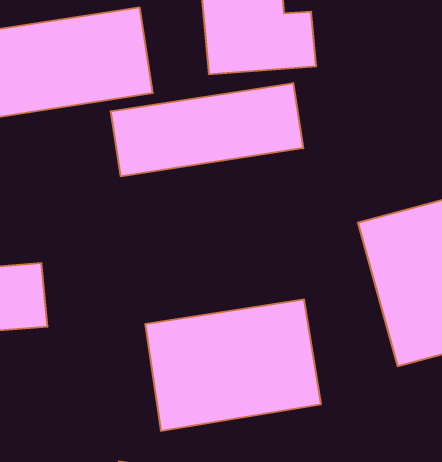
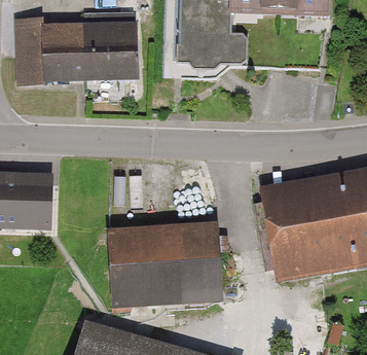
building: [111,83,303,176] -> none

